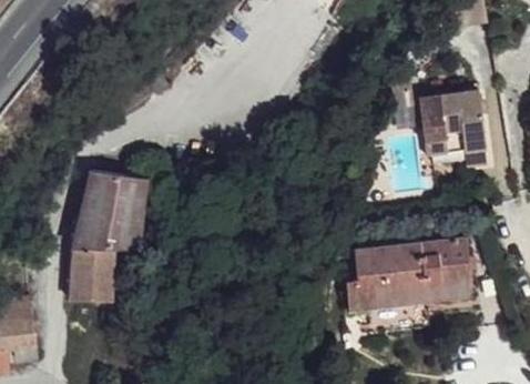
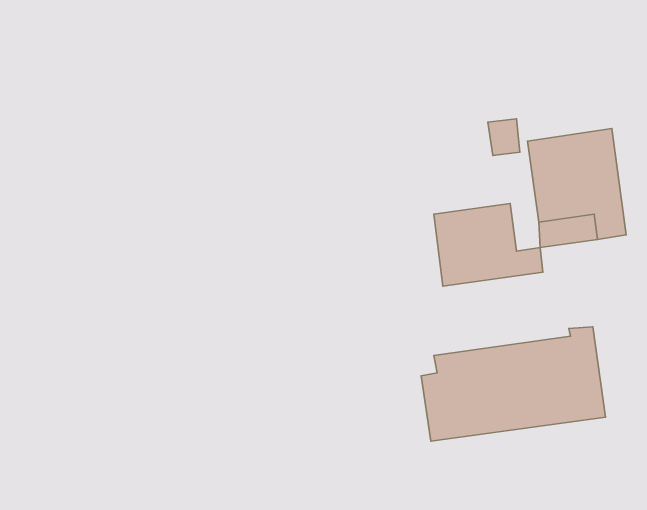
building: none -> [434,203,543,286]
building: [73,174,145,300] -> none

